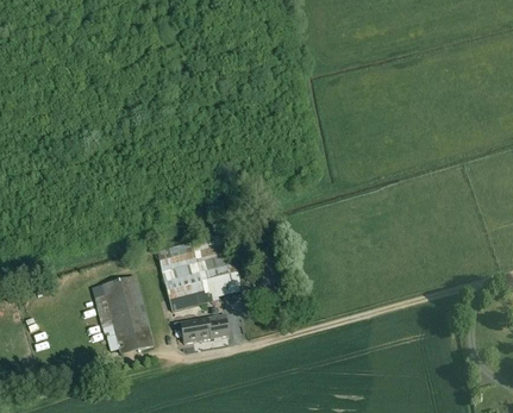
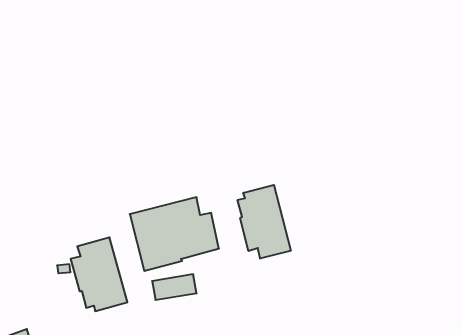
building: none -> [238,185,291,259]

